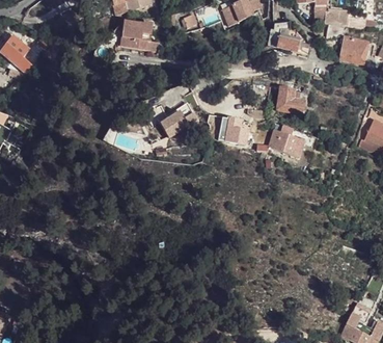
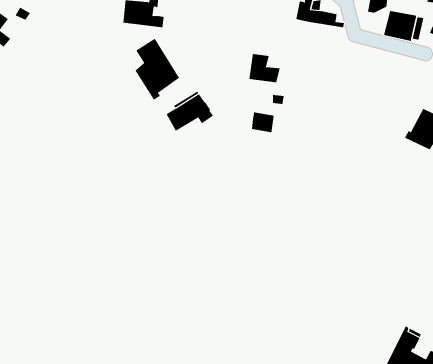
building: none -> [135,38,180,101]
building: [277,88,304,113] -> [248,53,281,83]
building: [267,127,304,156] -> none

